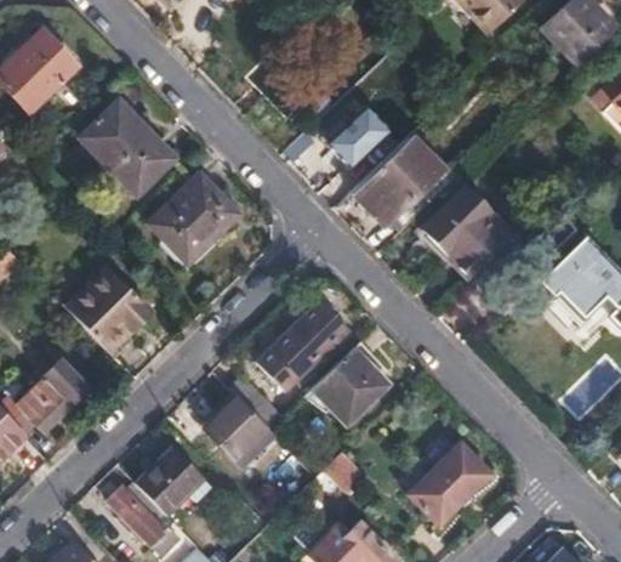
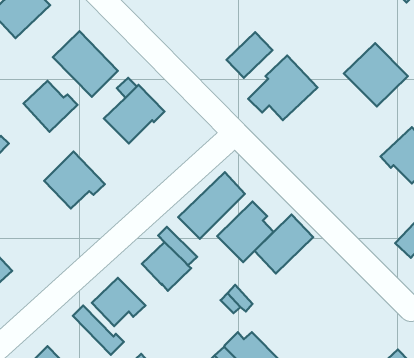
building: none -> [23,81,77,132]
building: [423,188,513,277] -> [344,43,408,106]
building: [16,362,86,431] -> none
building: [409,442,491,524] -> [254,215,313,273]

